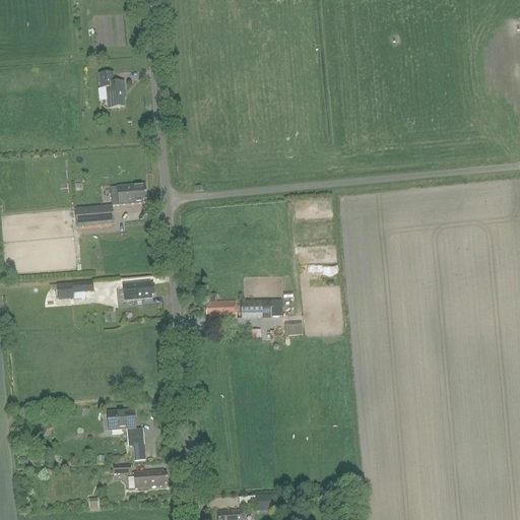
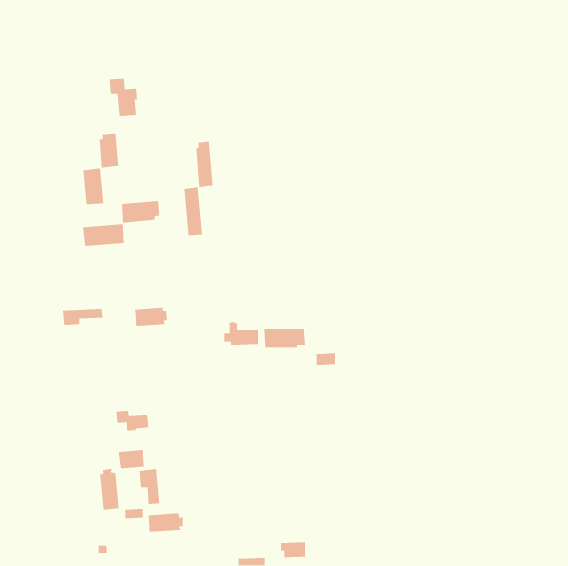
building: none -> [82,133,119,205]
building: none -> [183,141,214,236]
building: none -> [116,410,149,431]
building: none -> [99,468,120,511]

